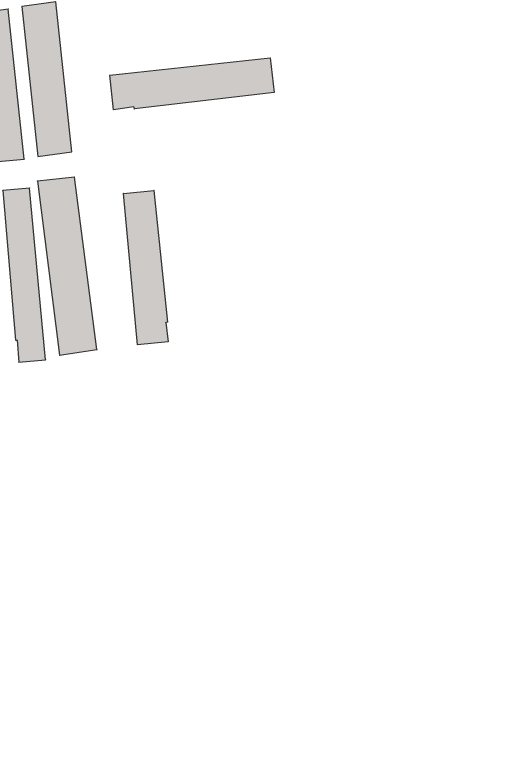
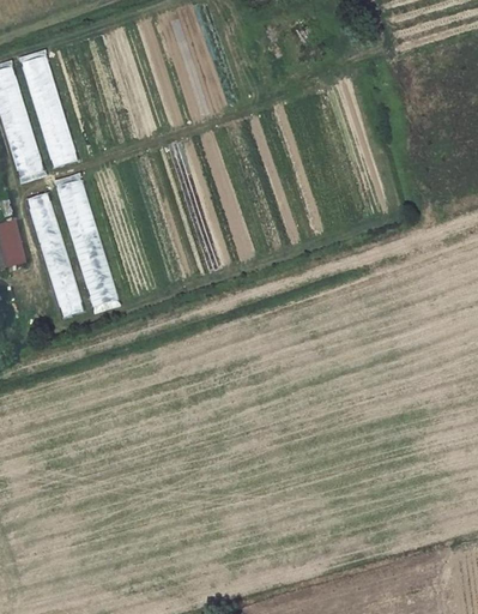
building: [110,58,274,110] -> none
building: [123,190,168,345] -> none

